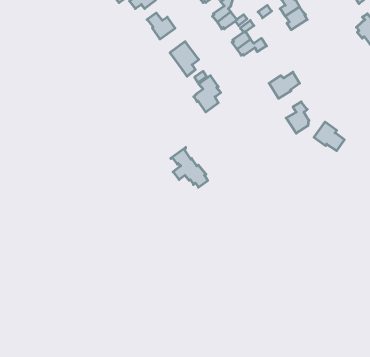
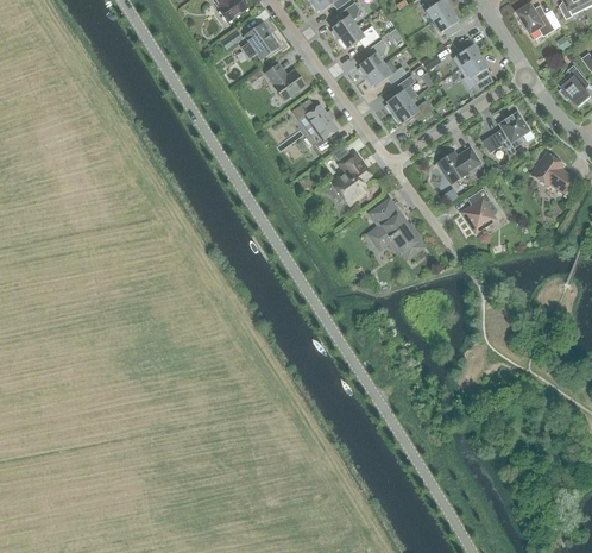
building: none -> [481,109,530,155]
building: [314,122,344,151] -> [530,152,573,193]
building: [171,147,208,187] -> [369,199,421,254]

